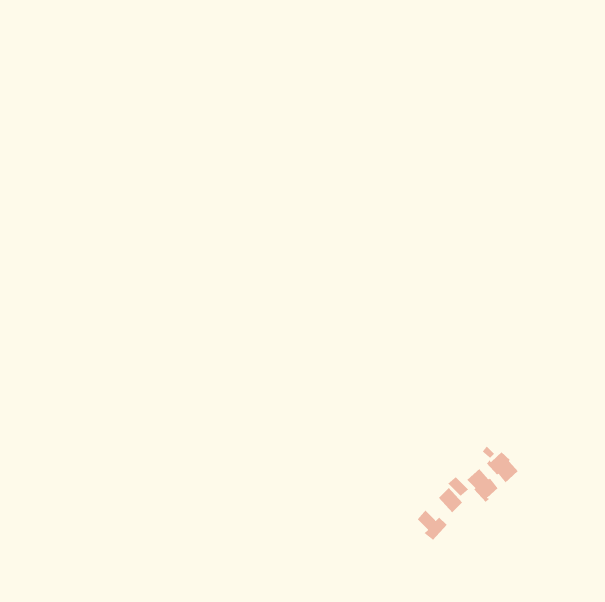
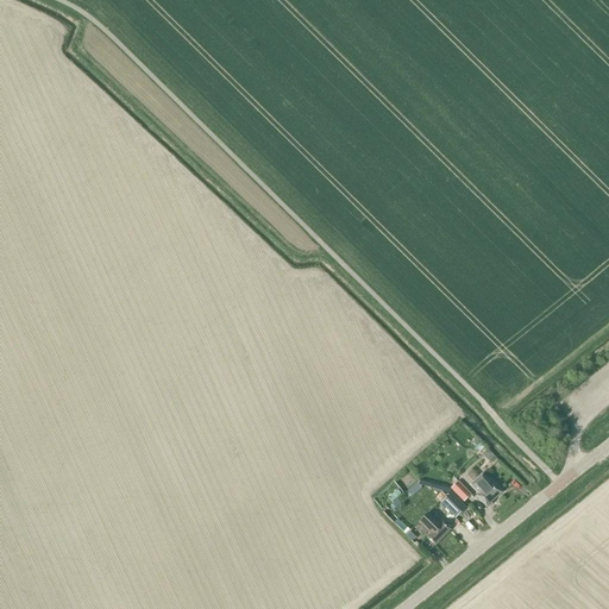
building: [486,452,519,483] -> none

